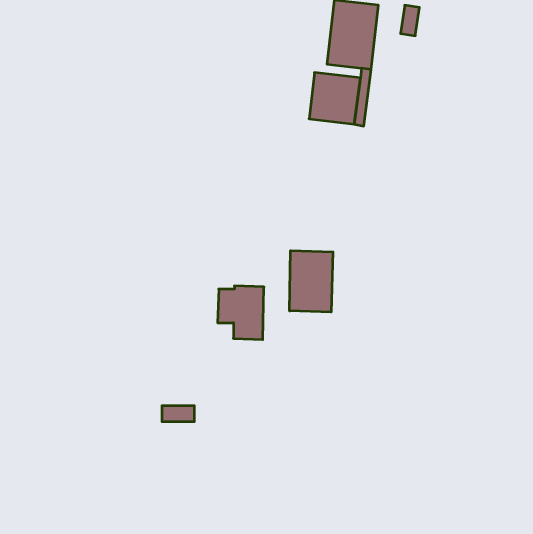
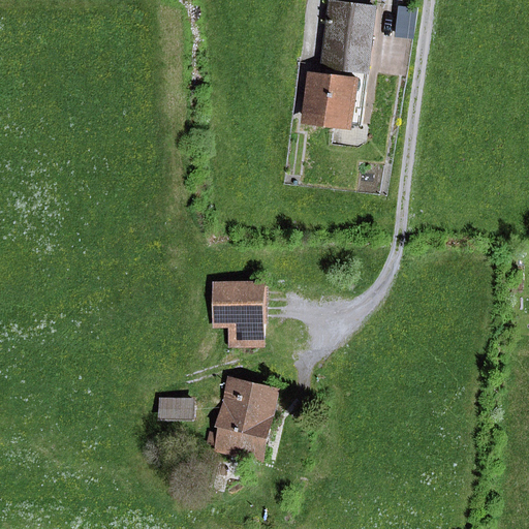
building: [290,251,333,312] -> none
building: none -> [206,380,275,456]

